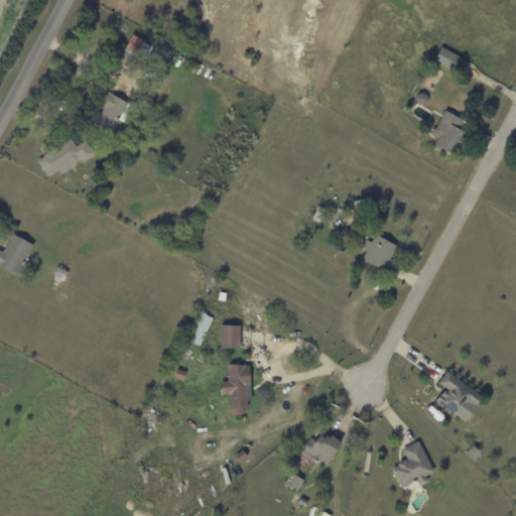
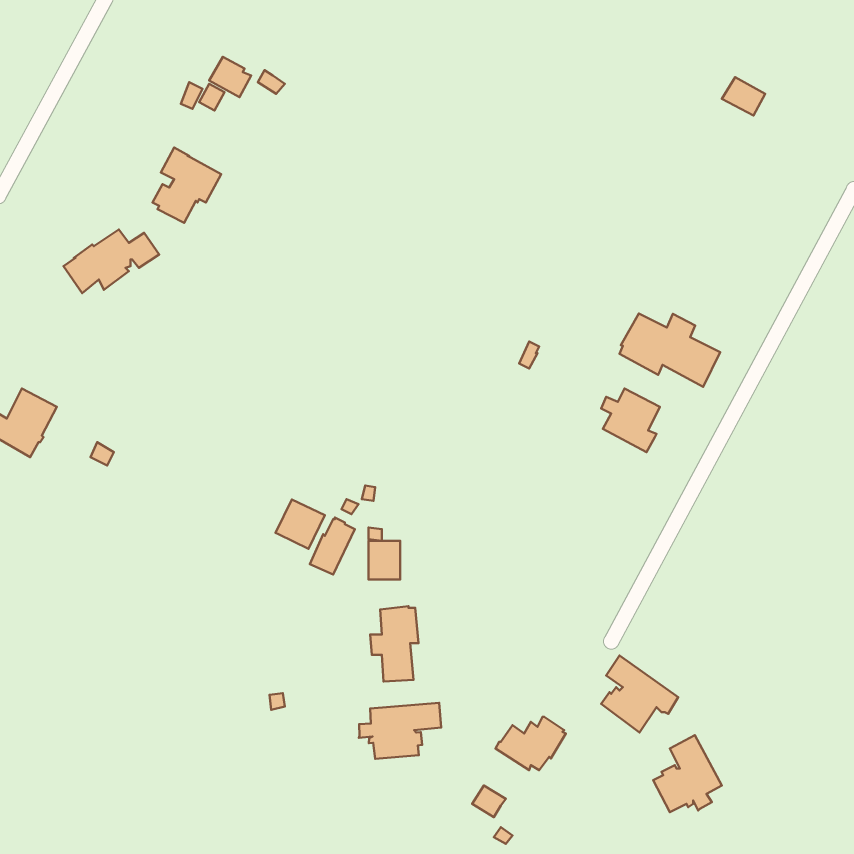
building: [430,110,465,153] -> none
building: none -> [619,313,720,387]
building: none -> [276,499,325,549]
building: [436,371,483,417] -> [601,655,678,732]
building: none -> [359,703,441,759]

